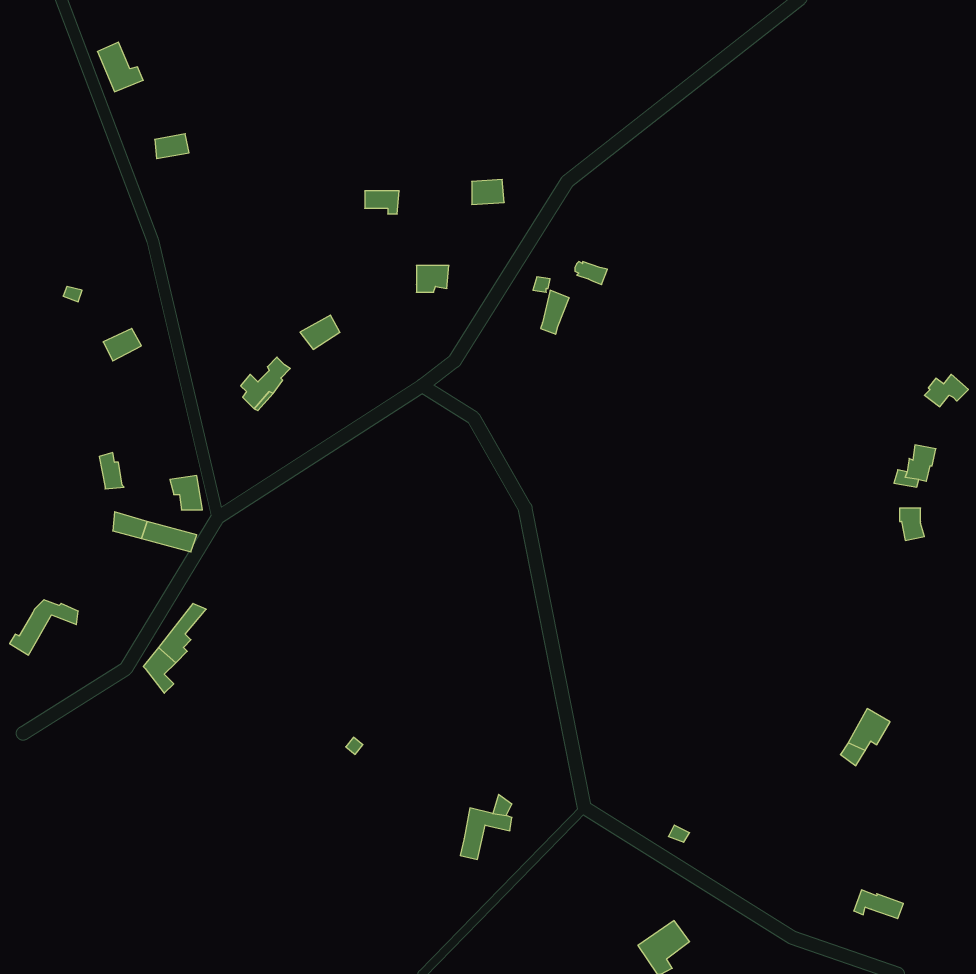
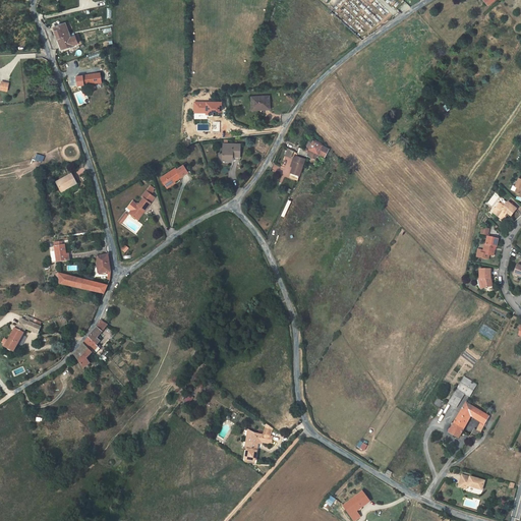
building: none -> [447,402,486,438]

